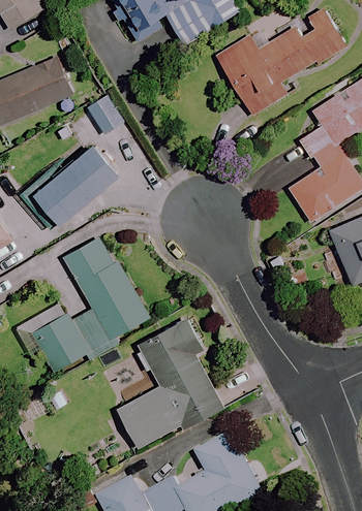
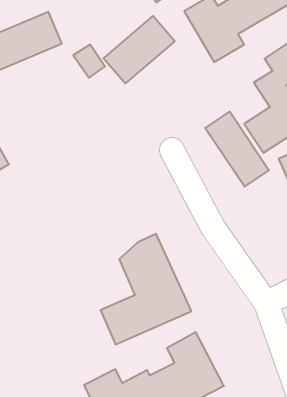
building: [35,143,119,223] -> [103,16,175,84]
building: none -> [205,112,269,187]
building: [16,238,149,372] -> none

